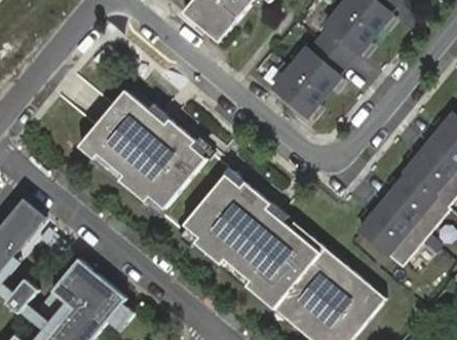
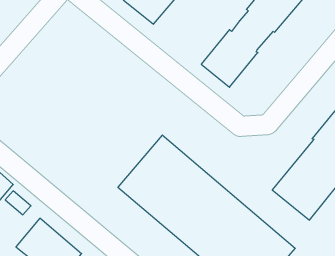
building: [76,82,208,211] -> none

